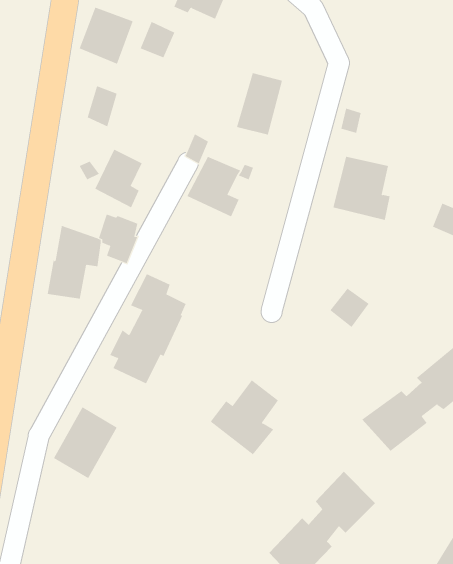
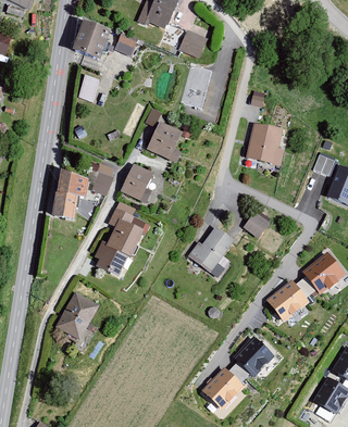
building: none -> [178,29,207,58]
building: [94,149,143,208] -> [121,163,153,203]
building: [210,380,279,455] -> [187,226,234,277]

